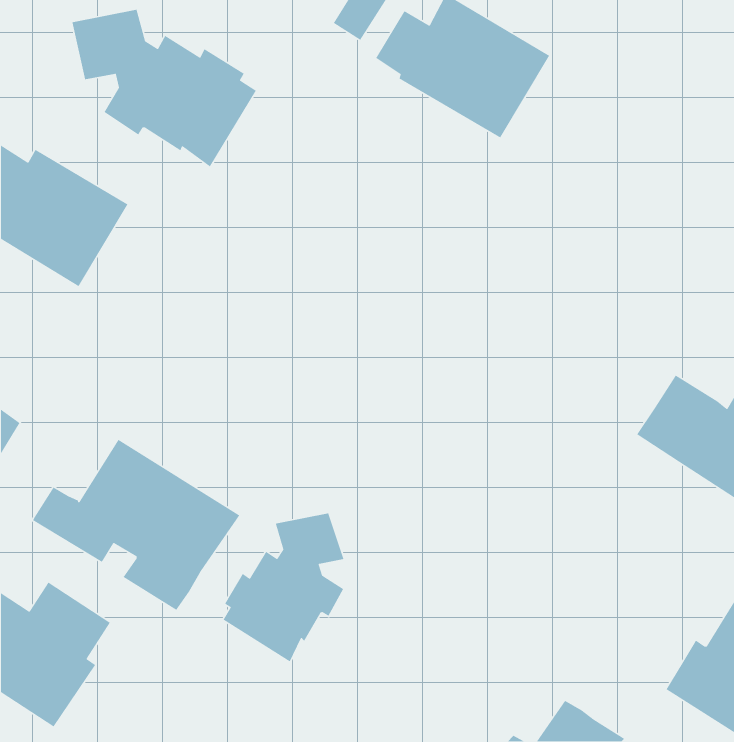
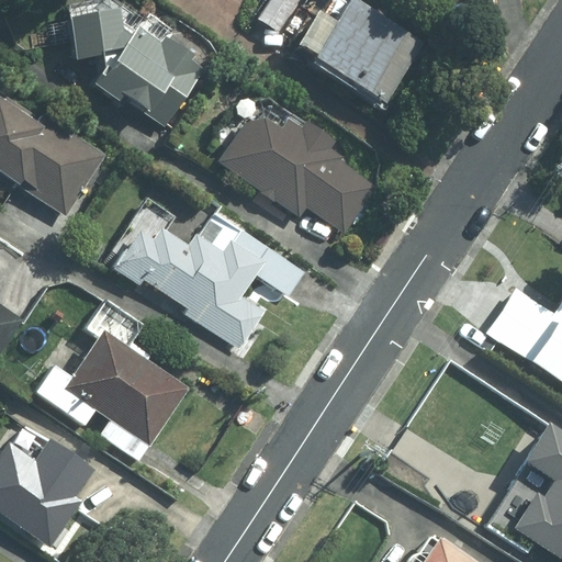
building: none -> [215,120,376,232]
building: none -> [112,213,306,349]
building: [222,513,344,662] -> none

